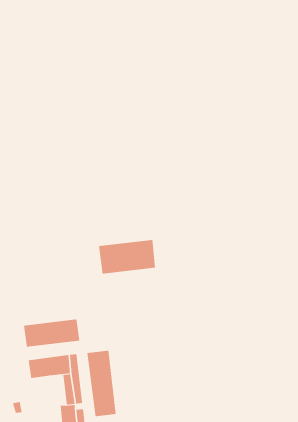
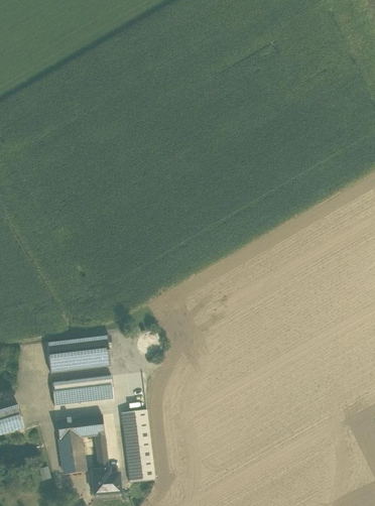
building: [98,239,156,274] -> [45,335,109,373]
building: none -> [58,437,85,475]

